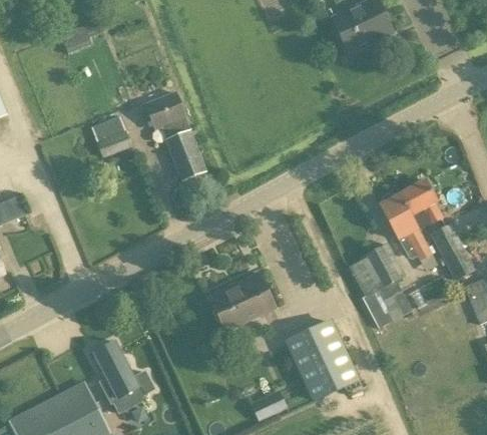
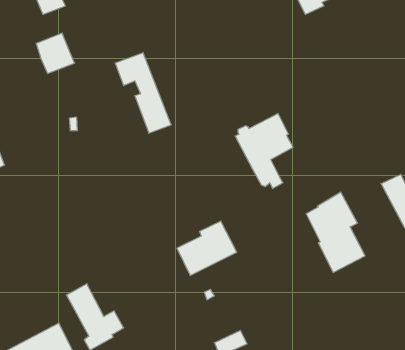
building: [90,114,131,157] -> [36,33,75,73]
building: [379,179,441,260] -> [235,114,293,188]
building: [285,320,358,401] -> none

